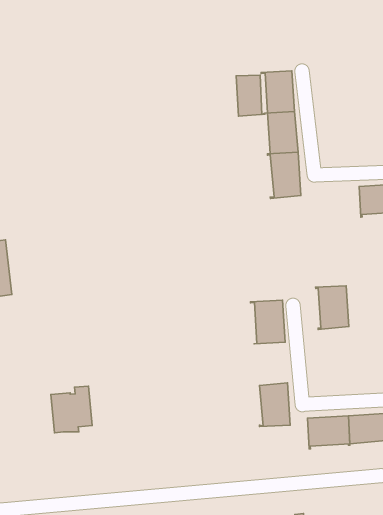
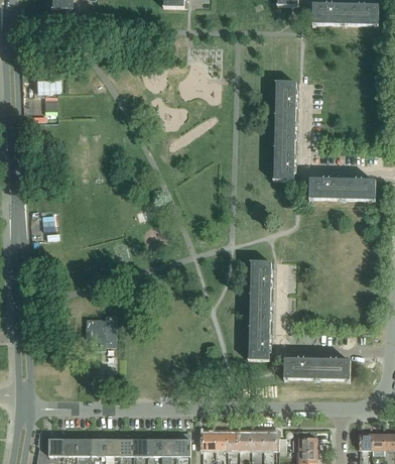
building: [236,75,265,116] -> none
building: none -> [308,177,342,202]
building: [316,286,349,329] -> [247,294,272,327]

